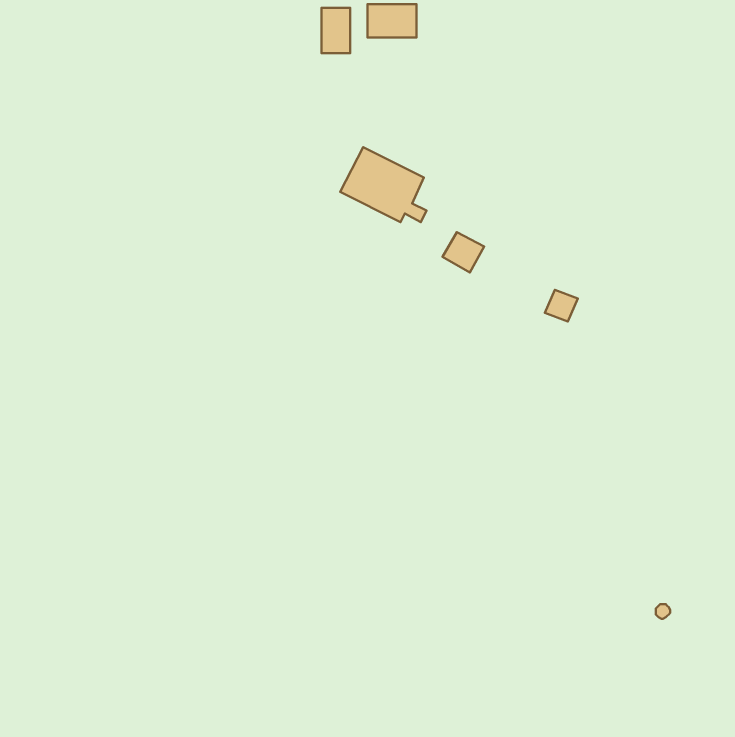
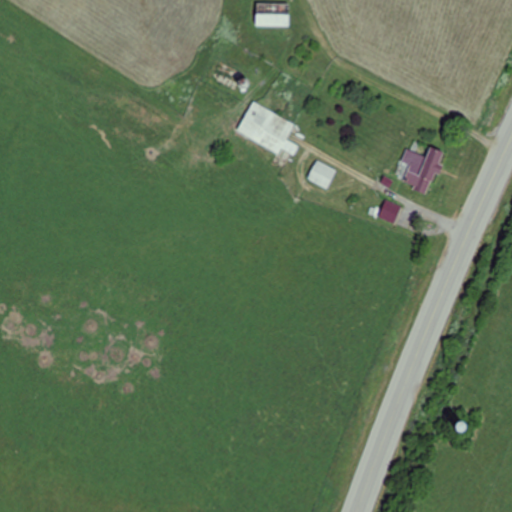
building: [321,8,350,53] -> none
building: none -> [402,143,442,195]

